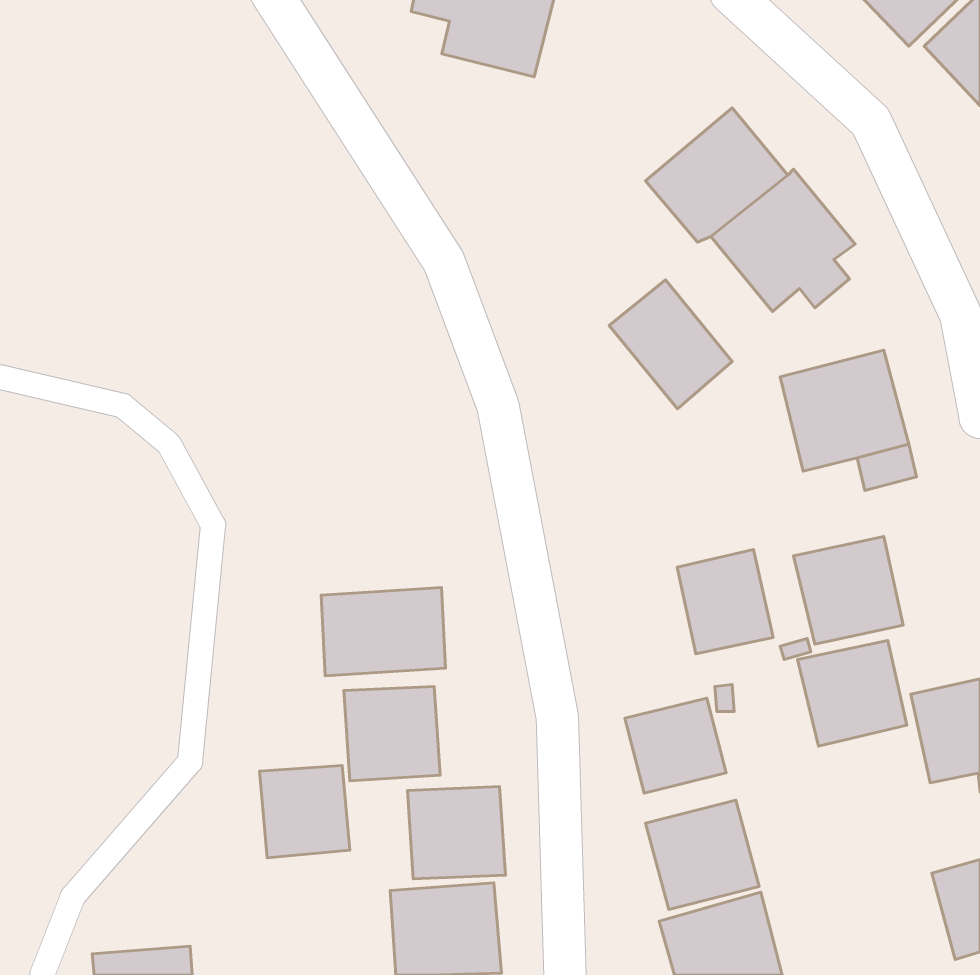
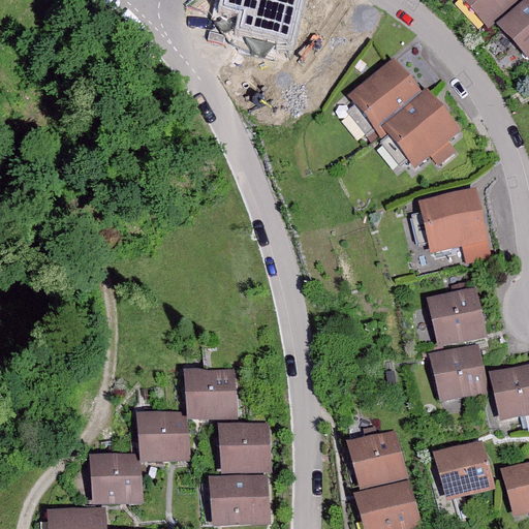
building: [609,280,732,409] -> none
building: [677,549,773,654] -> none
building: [321,587,445,676] -> none
building: [625,698,726,793] -> none
building: none -> [433,441,494,501]
building: none -> [90,453,139,503]

